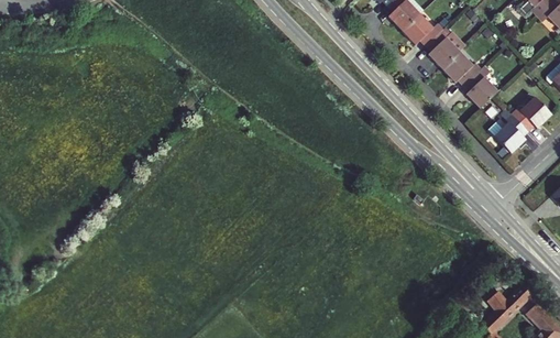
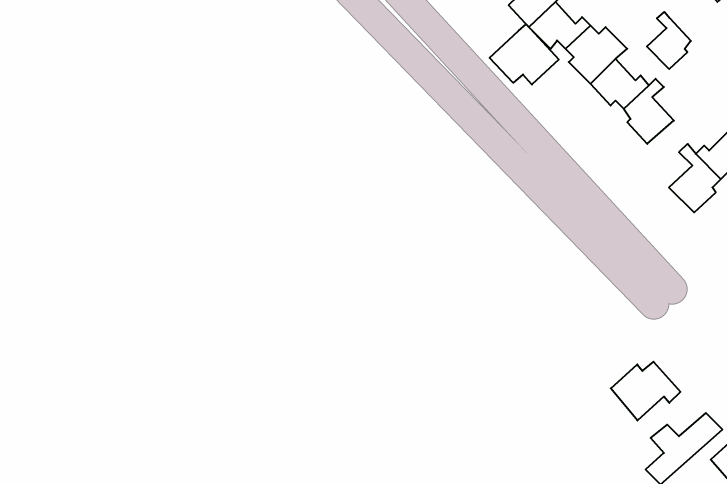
building: none -> [647,12,691,69]
building: none -> [490,24,559,85]
building: none -> [611,362,680,421]

